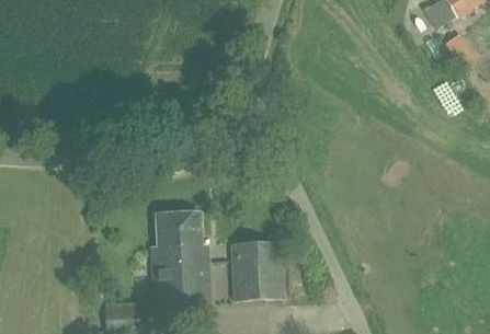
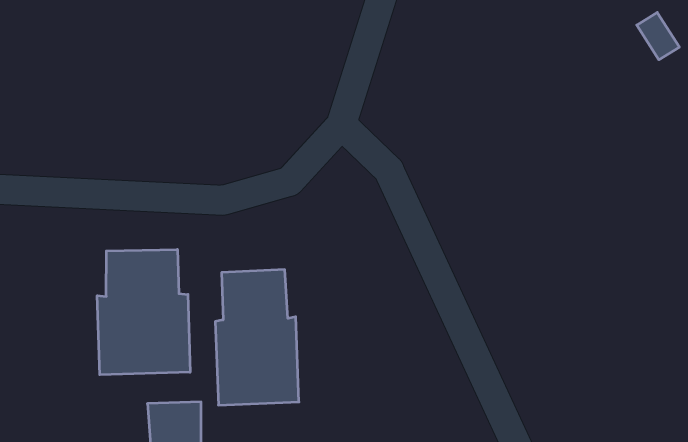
building: none -> [97,249,190,375]
building: [231,240,283,299] -> none

